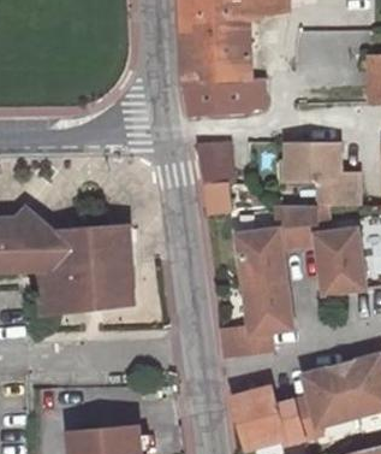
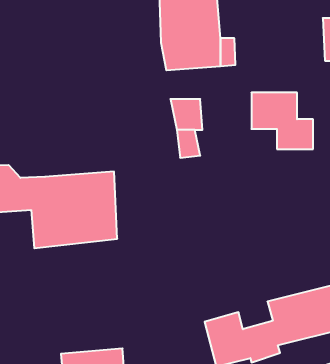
building: [221,202,364,353] -> none

